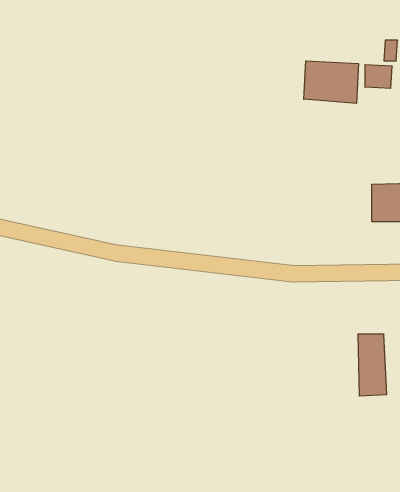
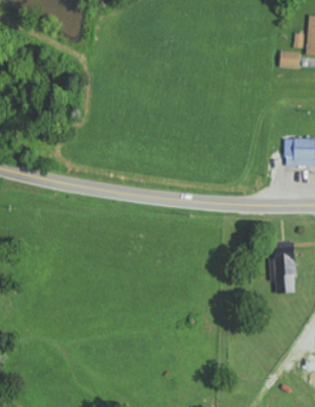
building: [304,61,358,103] -> none

